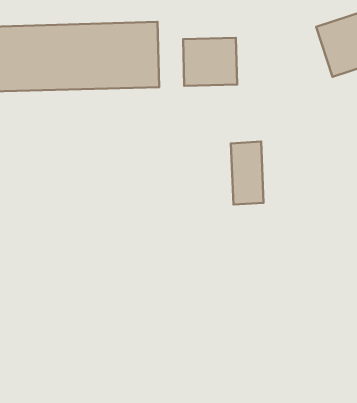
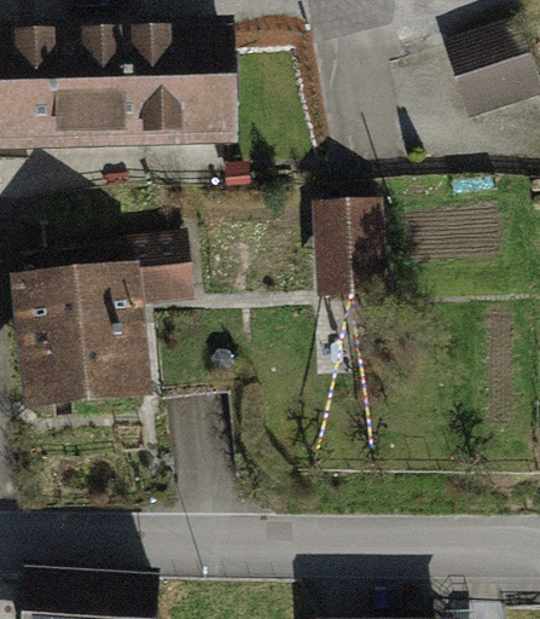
building: [183,38,237,86] -> none
building: none -> [23,250,188,412]

